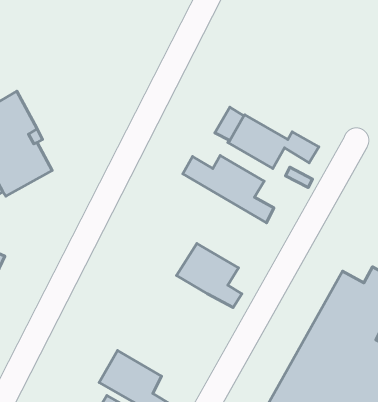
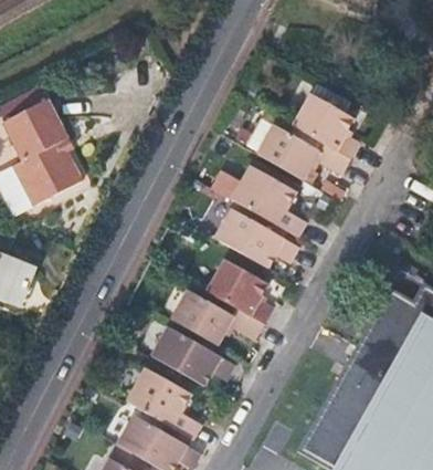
building: none -> [298,94,363,158]
building: none -> [220,208,302,268]
building: none -> [175,290,267,345]
building: none -> [155,327,237,385]

